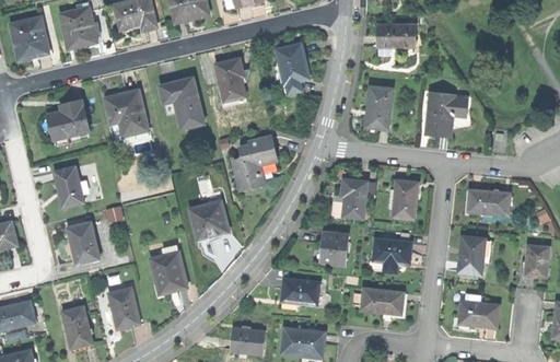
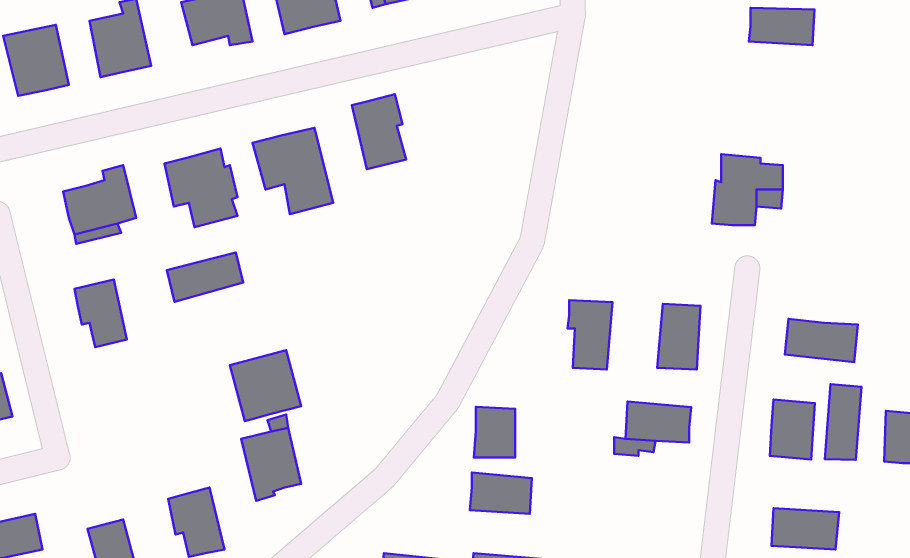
building: [376,26,415,48] -> [749,8,814,45]
building: [275,43,306,81] -> none
building: [365,86,392,128] -> none
building: [232,137,277,189] -> none
building: none -> [167,252,243,302]
building: [189,200,231,242] -> [230,350,301,421]
building: [66,221,98,262] -> none
building: none -> [825,384,861,460]
building: [319,235,343,265] -> [474,407,515,458]
building: [361,288,404,314] -> none

